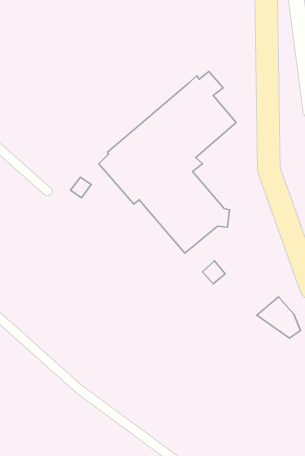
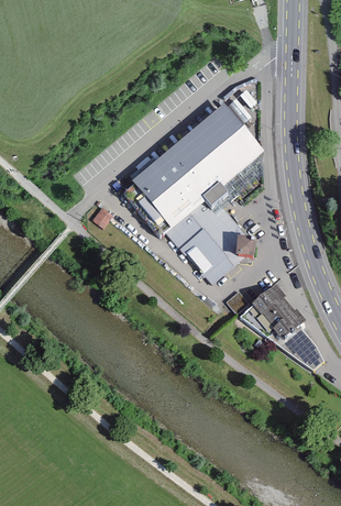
building: none -> [249,290,308,350]

